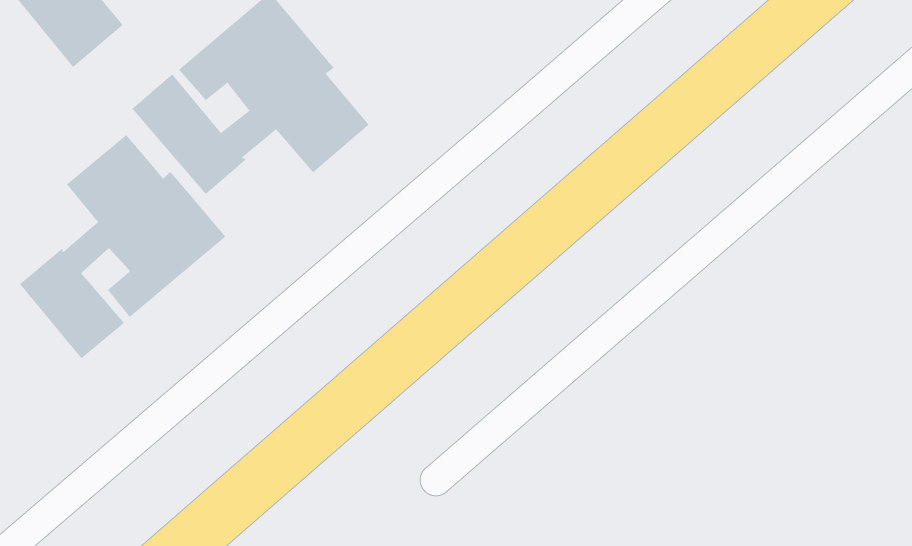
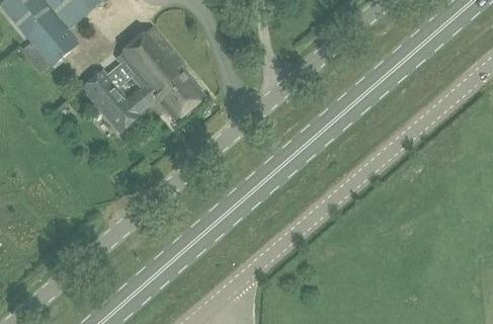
building: [19,134,226,359] -> none

